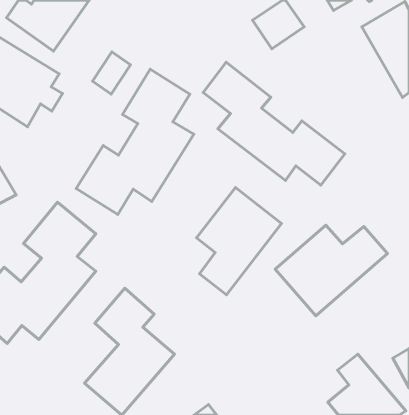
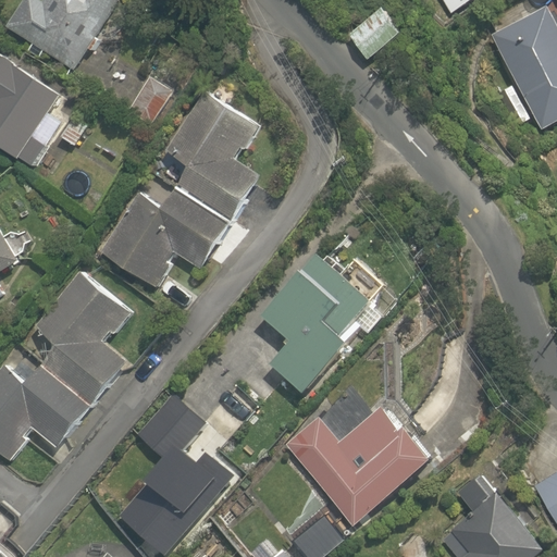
building: [203,62,345,185] -> none
building: [275,225,388,316] -> none
building: none -> [278,395,434,536]

